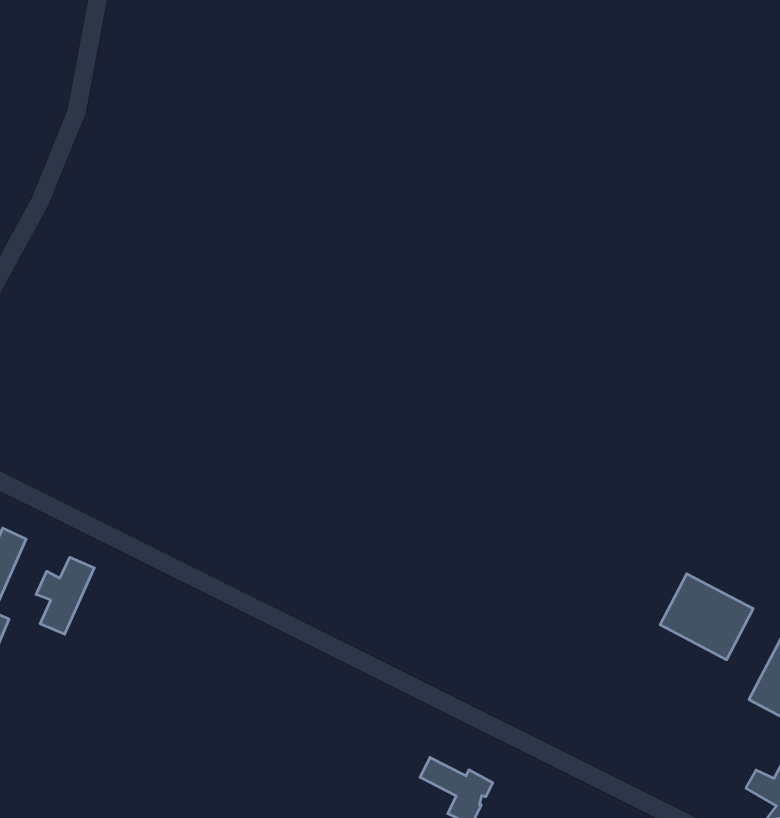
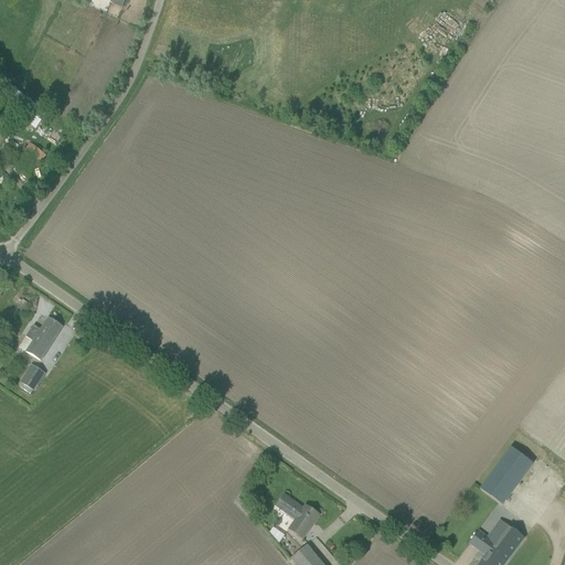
building: [36,557,94,634] -> none
building: [660,574,753,660] -> none

